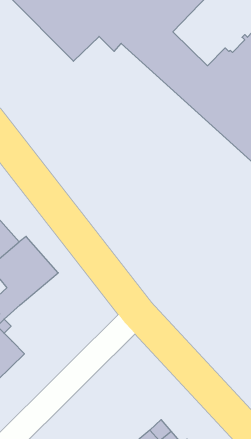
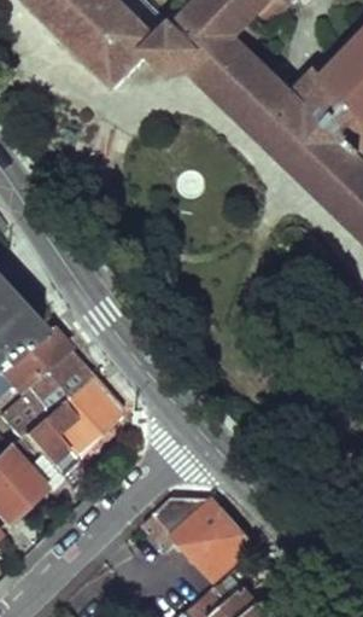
building: none -> [27,374,121,493]
building: none -> [141,500,251,580]

